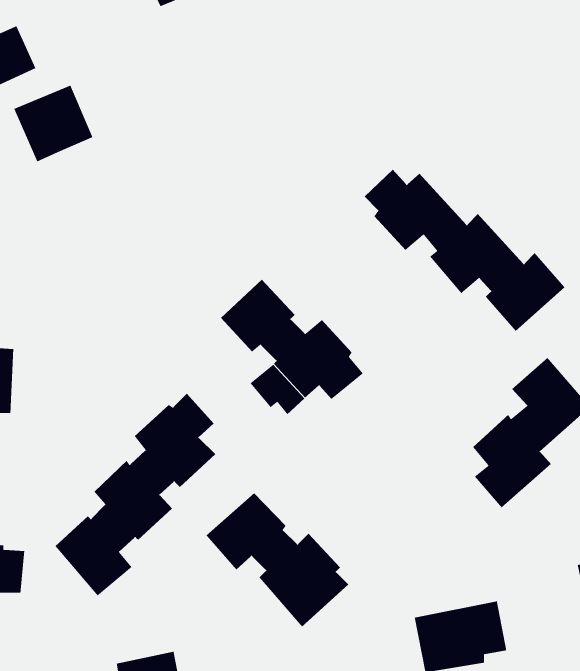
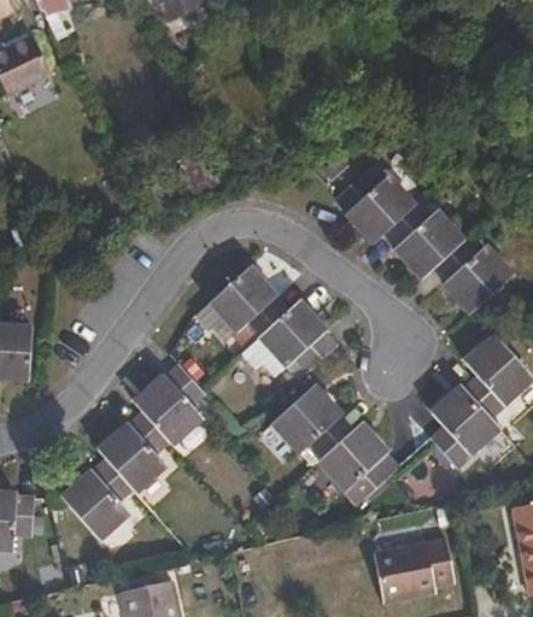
building: [13,84,93,163] -> none
building: [206,492,349,628] -> [270,383,394,500]

